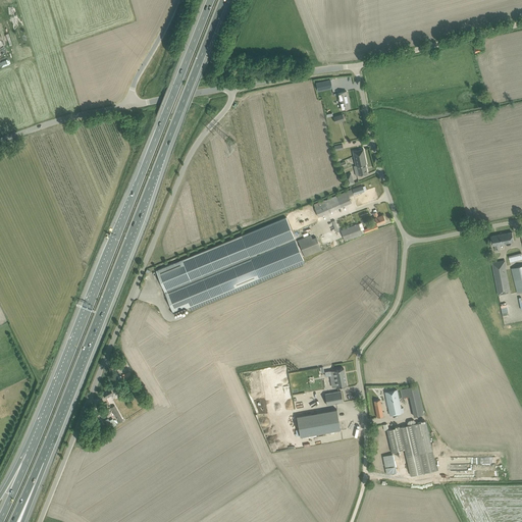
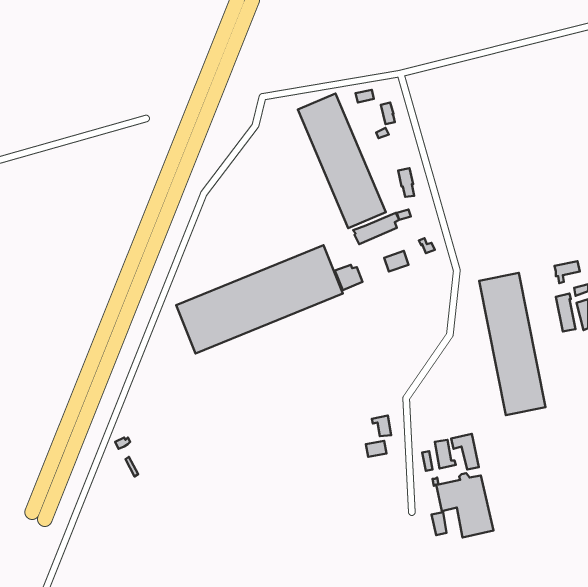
building: none -> [298,94,386,228]
building: none -> [479,273,546,415]
building: [297,410,341,437] -> none

